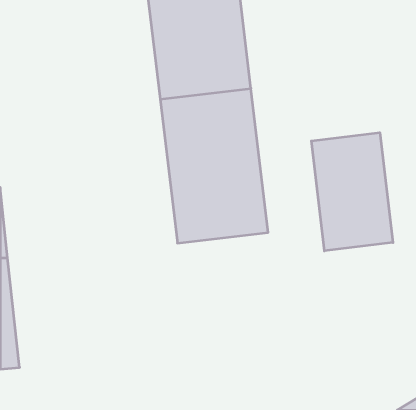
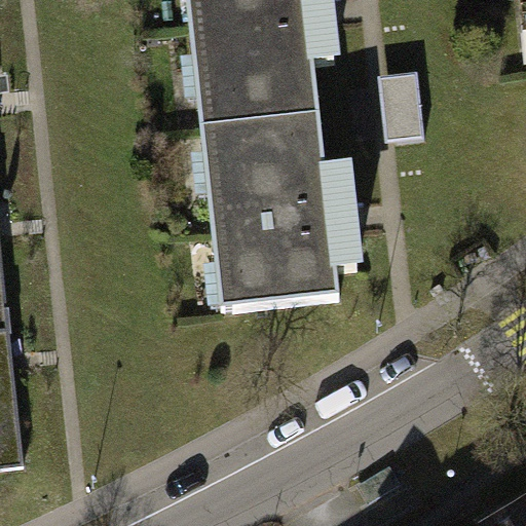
building: [311,133,393,251] -> none

